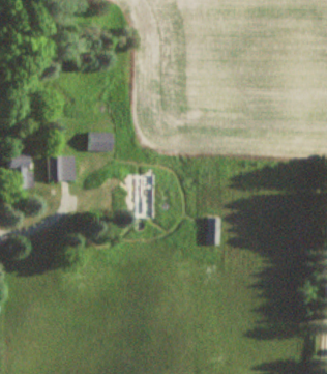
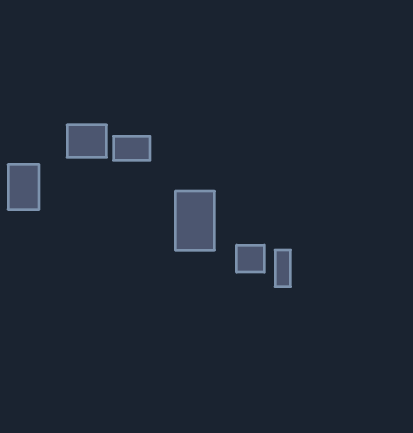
building: [47,156,76,180] -> [67,125,107,157]
building: none -> [237,245,264,272]

